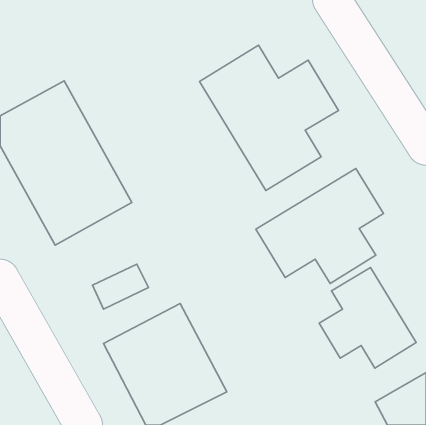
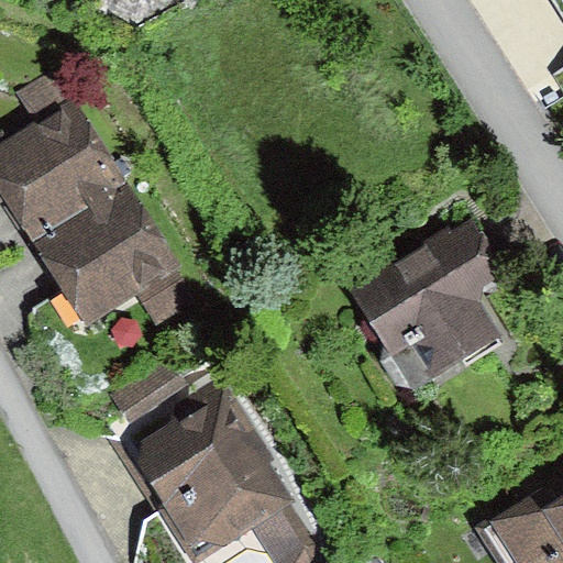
building: [200,45,338,190] -> none
building: [319,267,416,368] -> none

